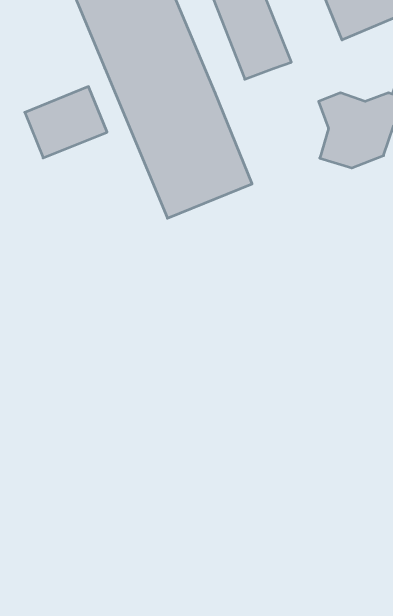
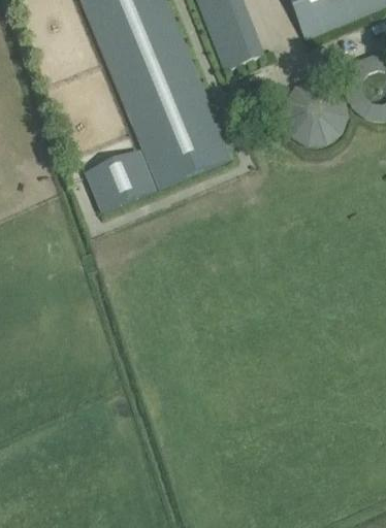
building: [25,87,107,158] -> [86,152,155,211]

